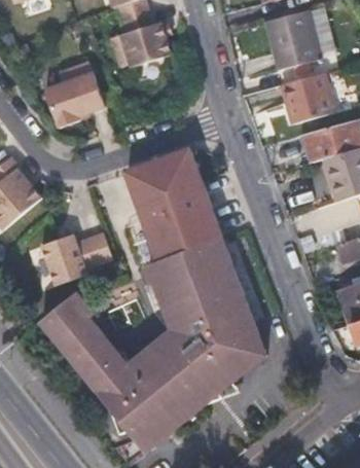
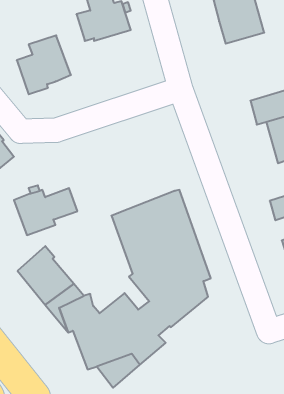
building: [271,75,323,125] -> none
building: [125,148,220,259] -> none
building: [129,330,191,371] -> none
building: [202,332,268,404] -> none

